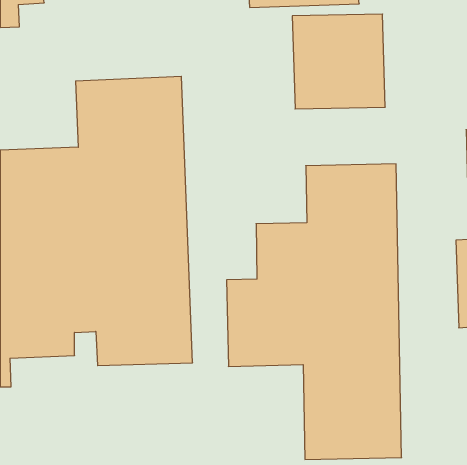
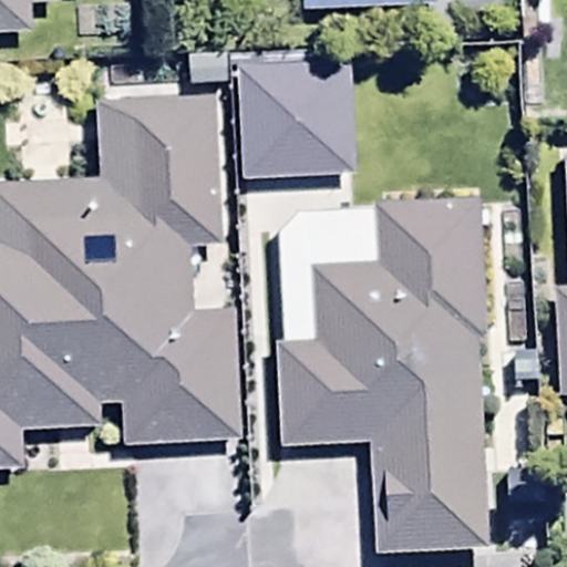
building: [292,14,385,109] -> [240,59,352,173]

